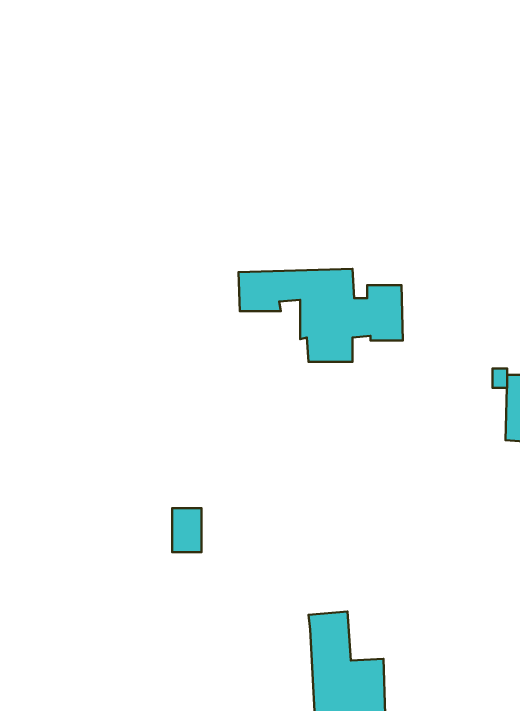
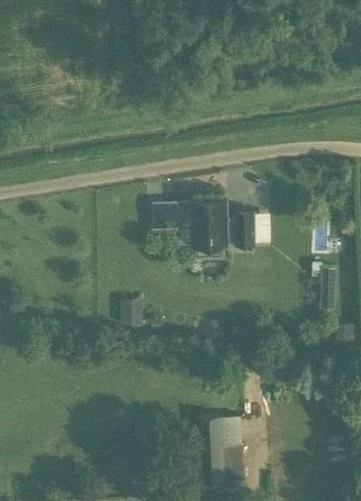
building: [172,508,202,552] -> [124,299,142,326]

